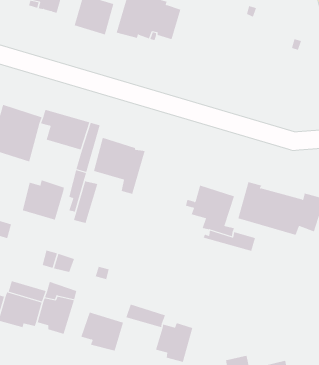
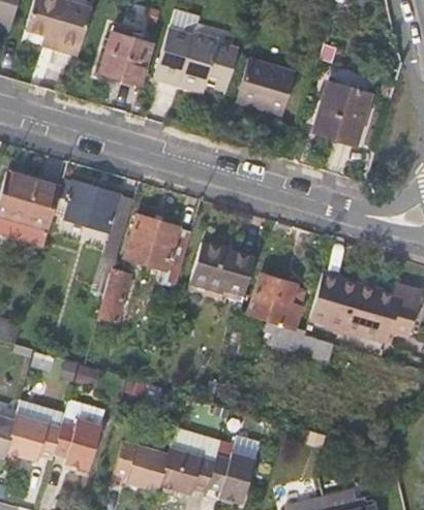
building: none -> [239,58,297,116]
building: none -> [316,86,367,141]
building: none -> [192,243,255,294]
building: [22,179,65,220] -> none
building: none -> [155,446,213,493]

